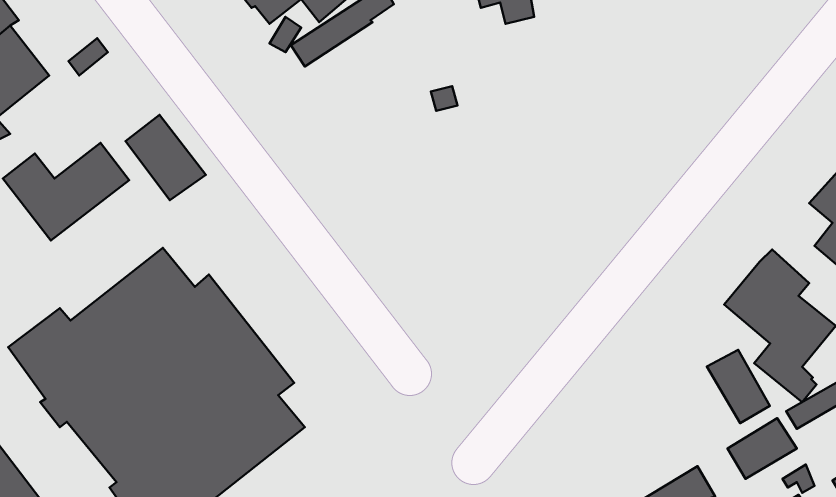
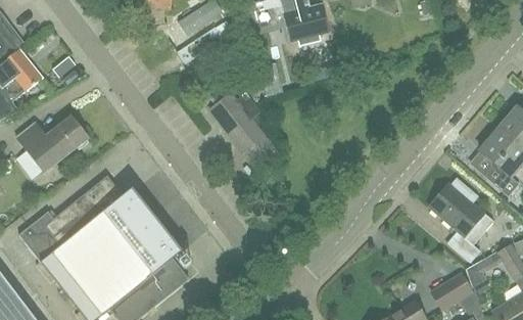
building: none -> [209,90,276,167]
building: [126,115,206,200] -> none
building: [707,350,770,423] -> none

